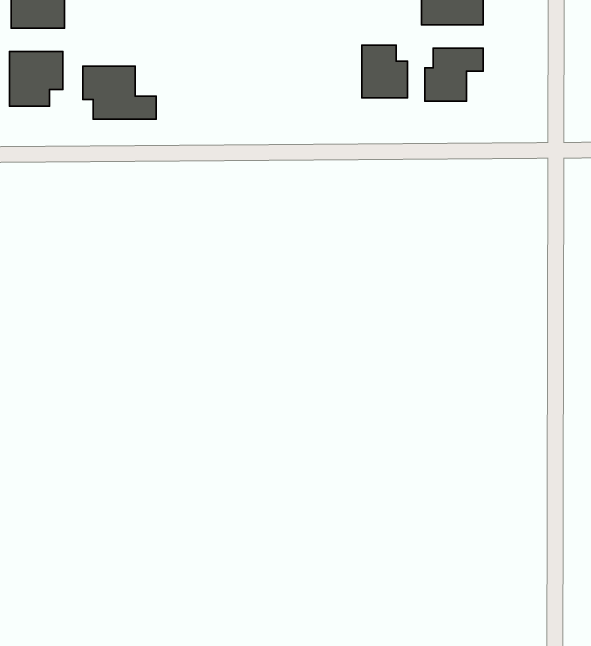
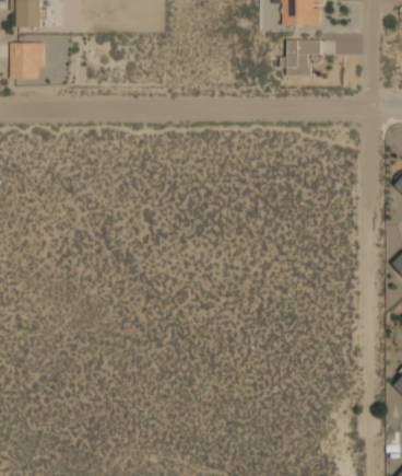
building: [362,45,407,98] -> none
building: [83,66,156,119] -> none

